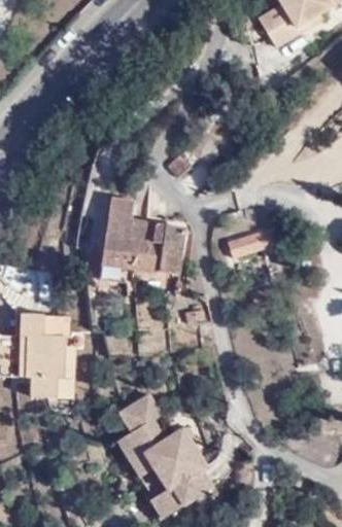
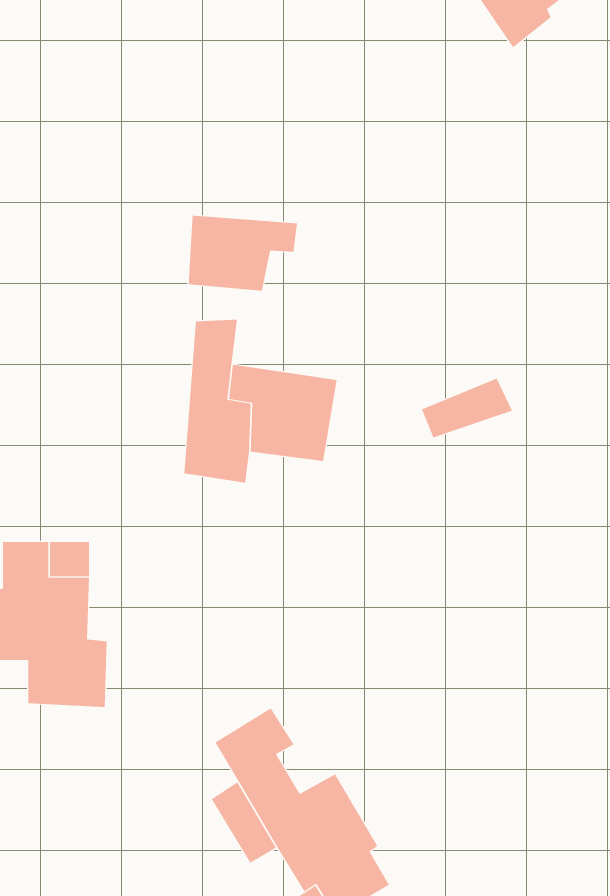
building: none -> [188,215,297,292]

